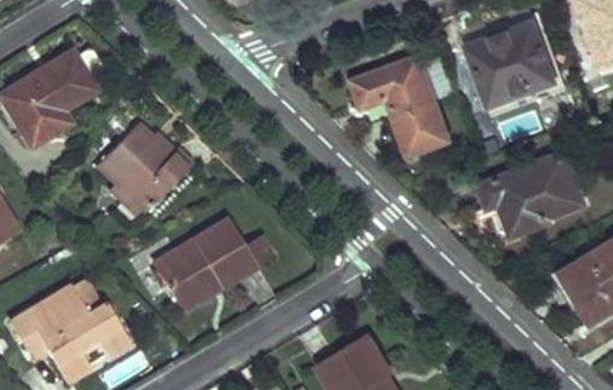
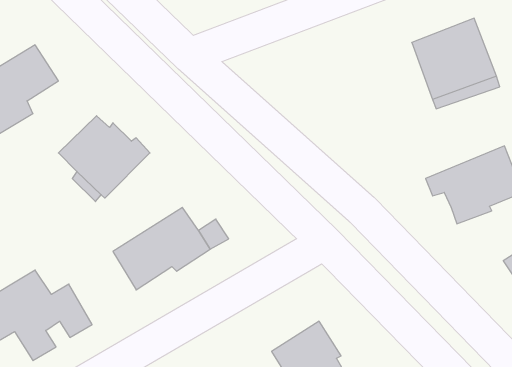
building: [354,59,447,156] -> none

